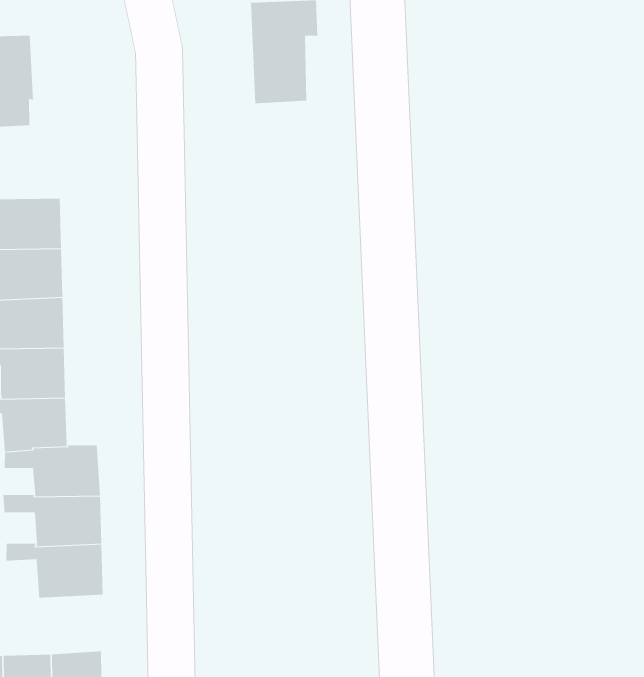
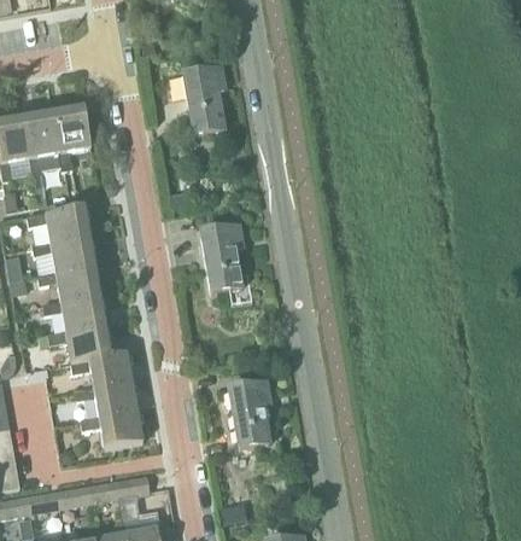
building: none -> [53,105,90,168]
building: none -> [200,223,242,292]
building: none -> [228,380,280,459]

